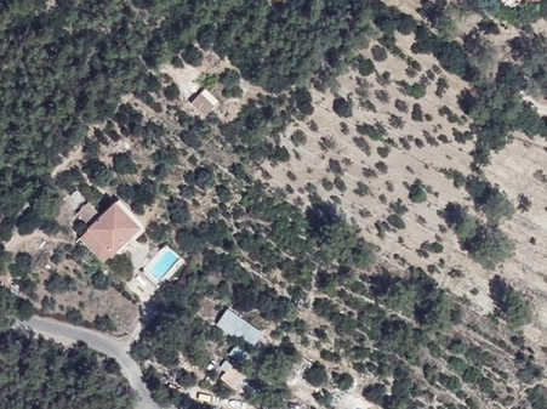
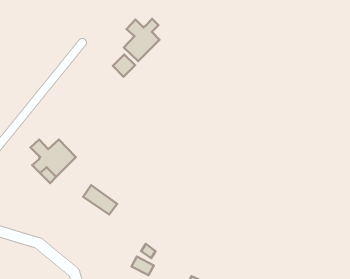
building: none -> [124,19,160,61]
building: [216,308,262,348] -> [83,185,117,215]

